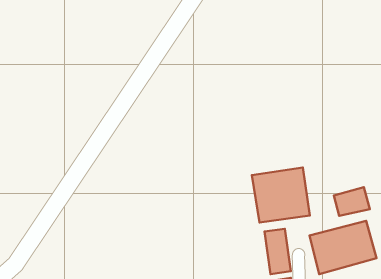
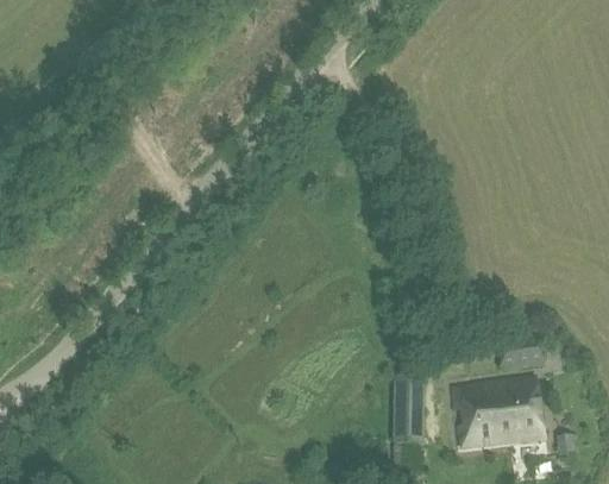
building: [252,167,310,223] -> none

